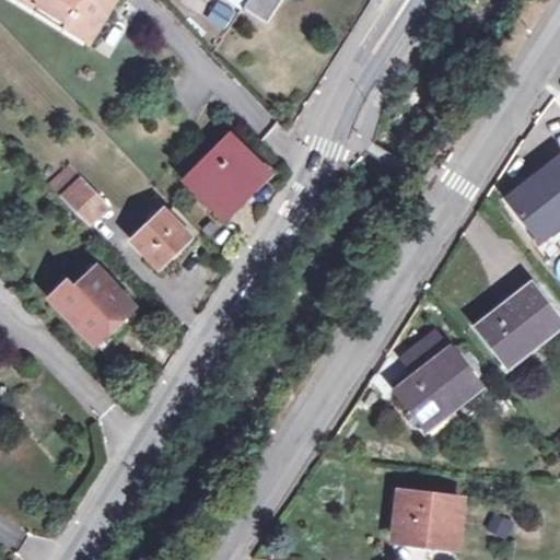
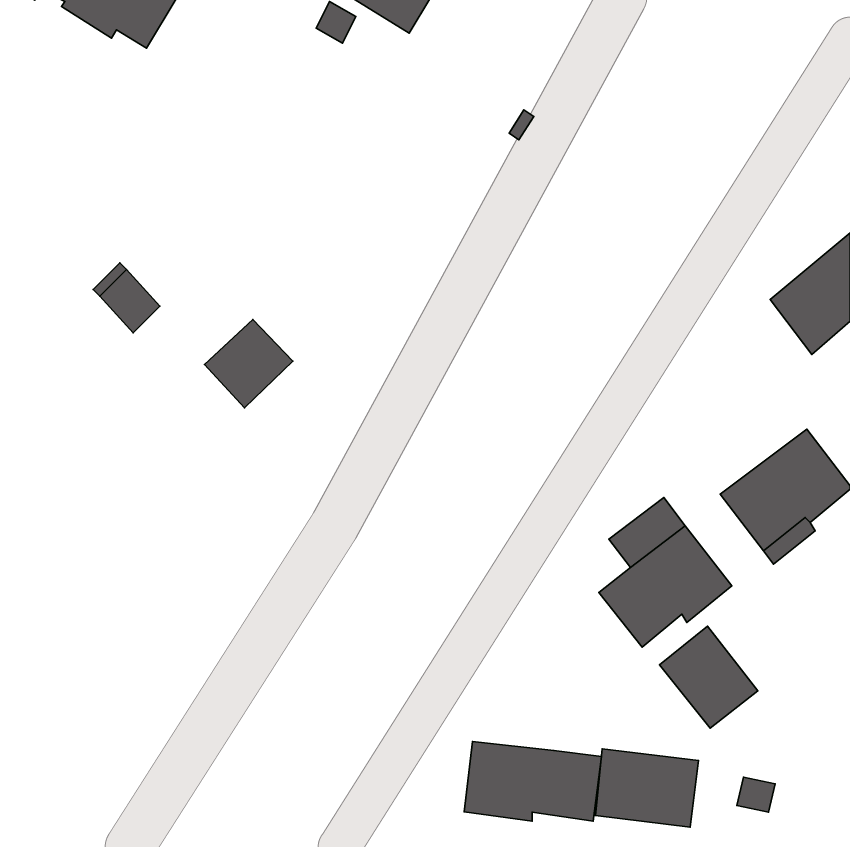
building: [188,136,271,220] -> none
building: [50,267,136,345] -> none
building: none -> [660,626,758,728]
building: none -> [464,742,601,821]

